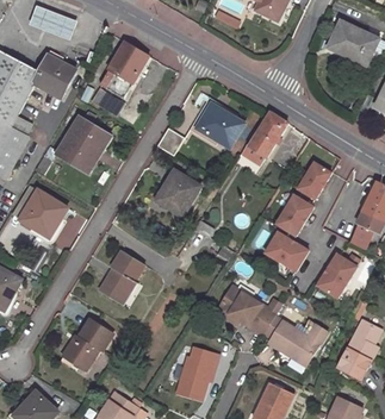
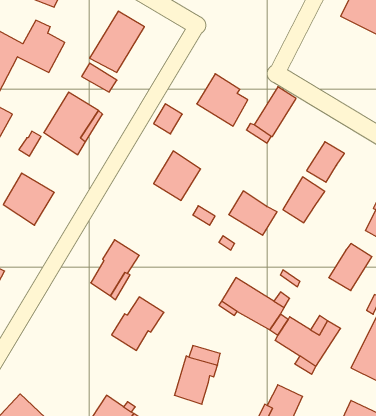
building: [263,230,308,270] -> [229,191,277,235]
building: [64,319,112,368] -> [112,297,164,350]

